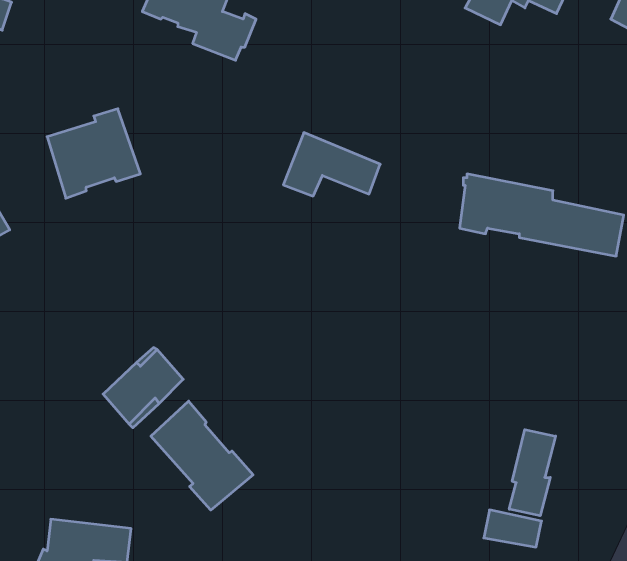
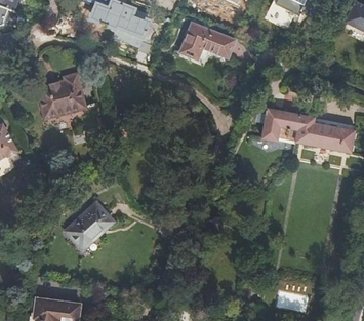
building: [283,133,380,196] -> [181,24,235,58]
building: [151,401,253,510] -> none
building: [509,430,556,516] -> none

